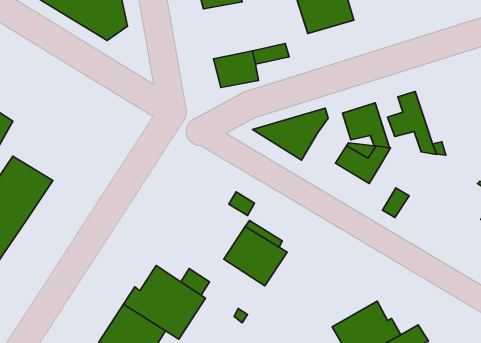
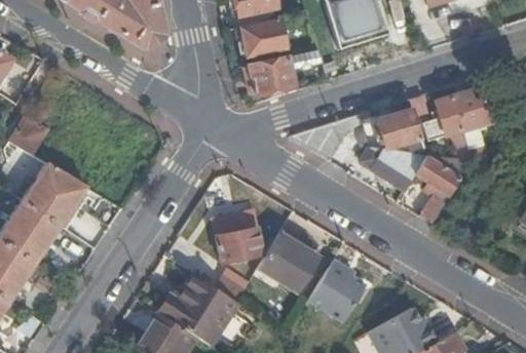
building: none -> [240,19,286,55]
building: none -> [451,92,489,131]
building: none -> [414,154,459,195]
building: none -> [215,211,262,264]
building: none -> [309,260,367,323]

